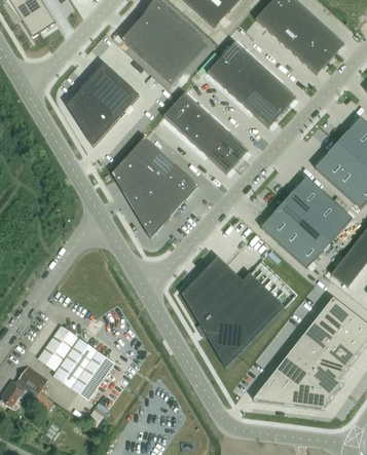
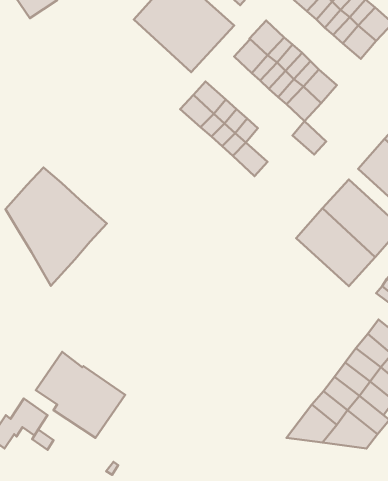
building: [72,63,139,146] -> none
building: [218,132,247,161] -> [293,121,326,155]
building: [111,137,198,238] -> [5,167,107,286]
building: [181,256,284,367] -> none

